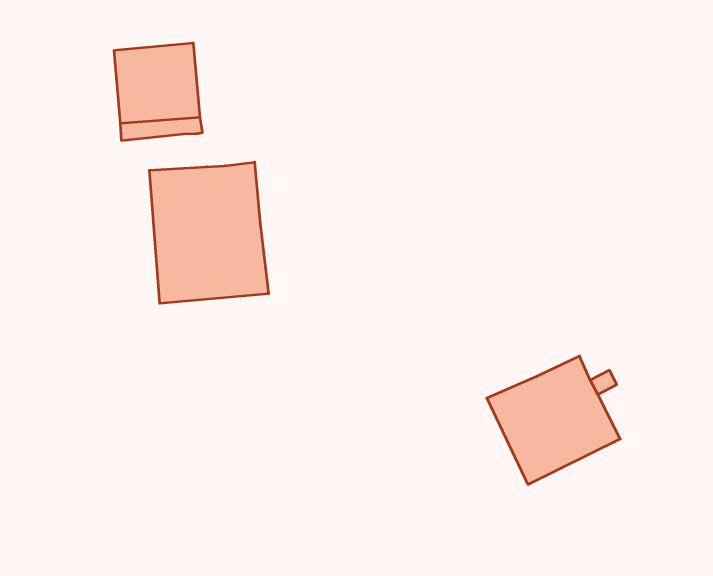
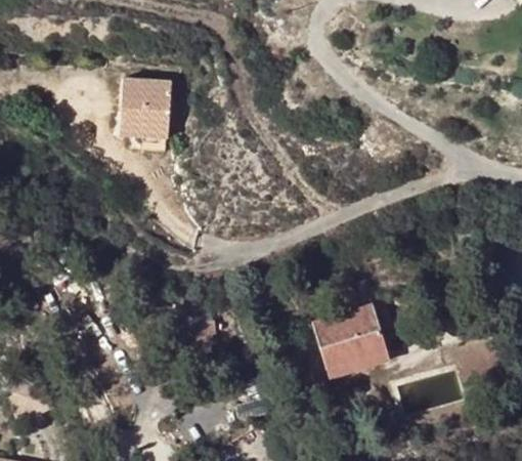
building: [149,162,269,303] -> none

